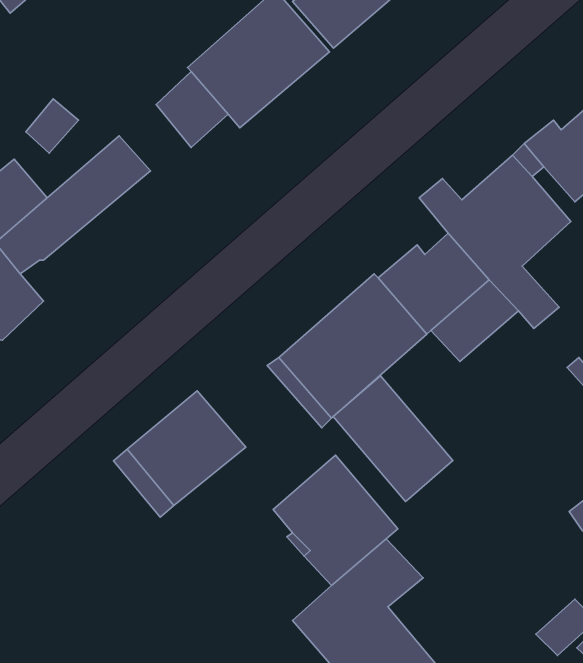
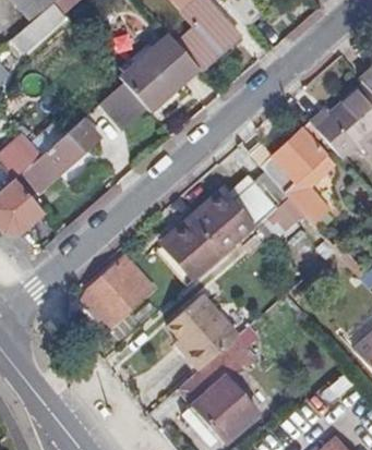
building: [333,376,453,501] -> none

